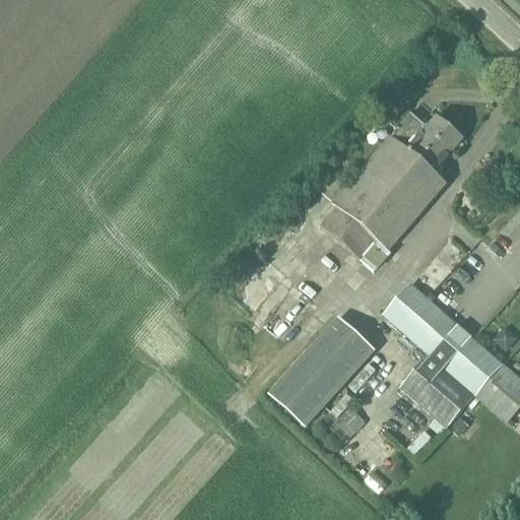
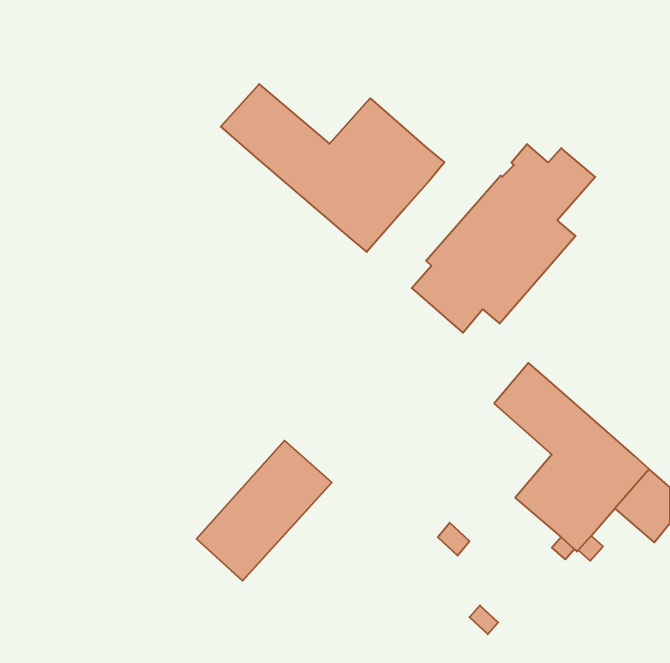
building: none -> [221,84,444,252]
building: [268,317,373,426] -> [197,441,332,581]

